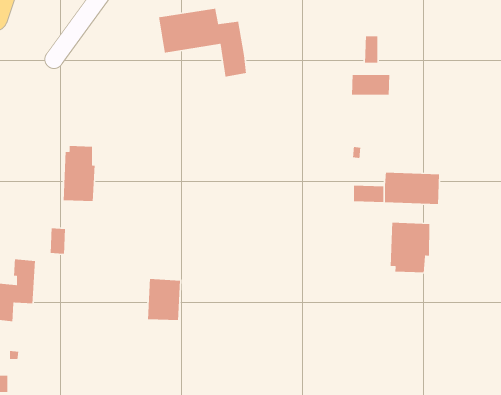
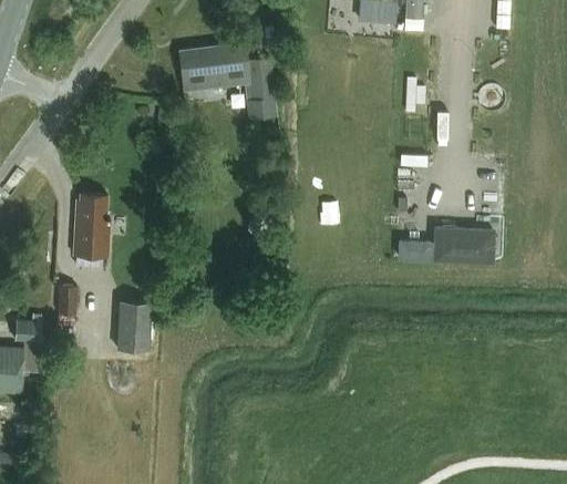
building: [351,74,390,96] -> none
building: [390,222,430,273] -> none
building: [147,278,181,321] -> [114,300,152,348]

